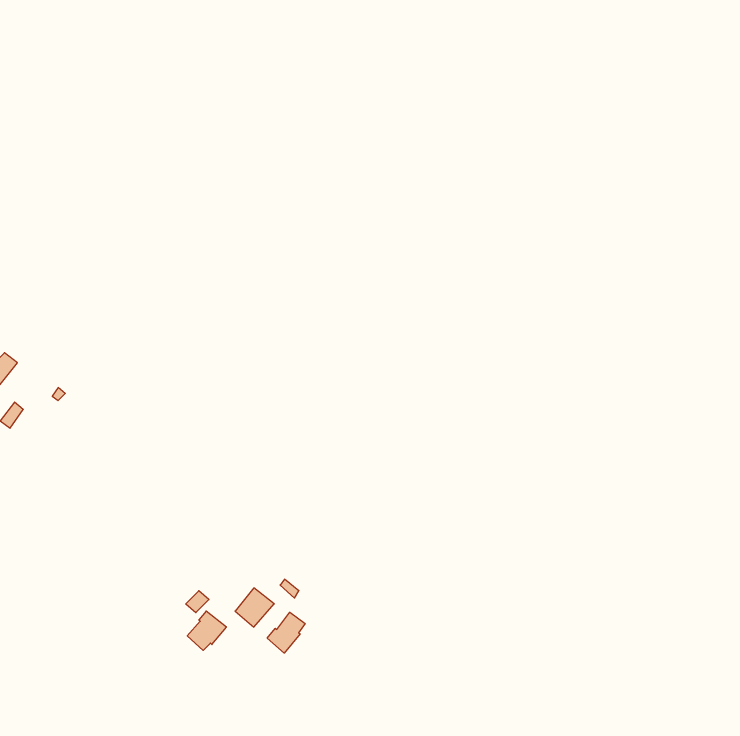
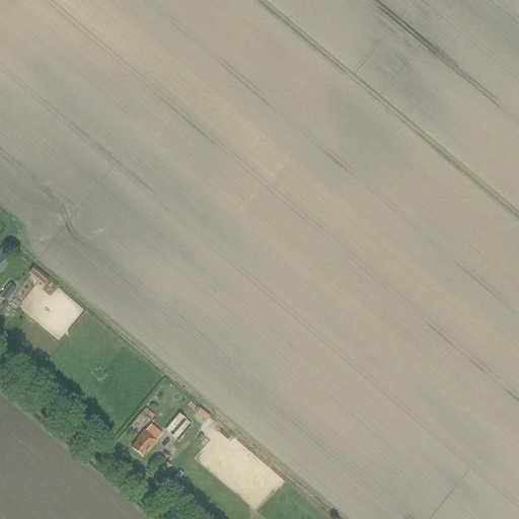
building: [267,612,305,653] -> none

